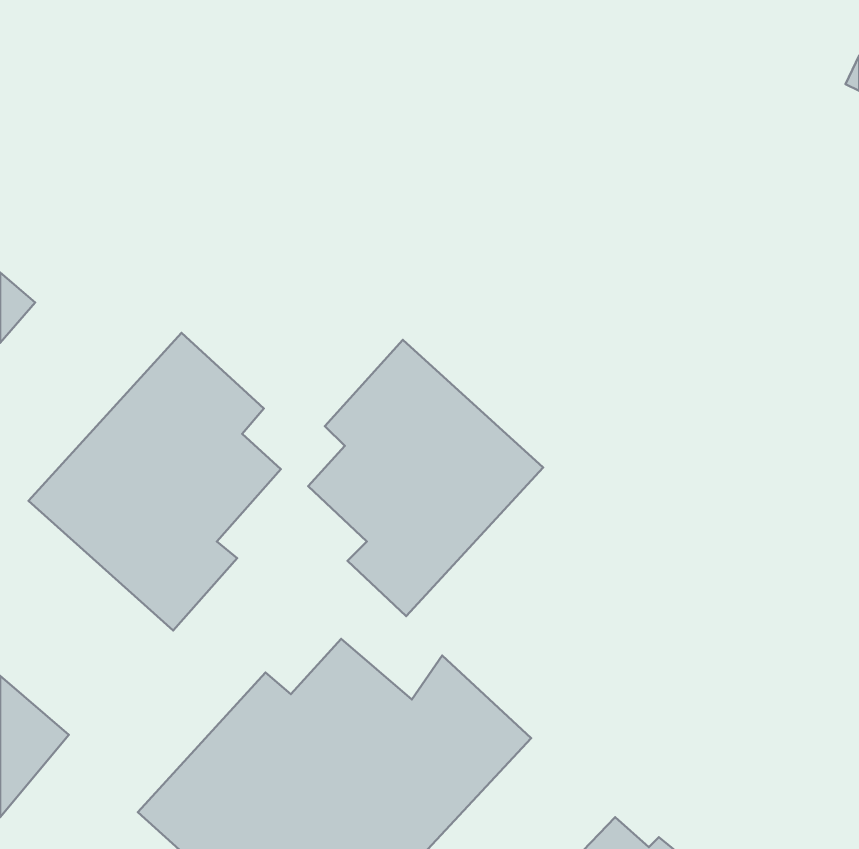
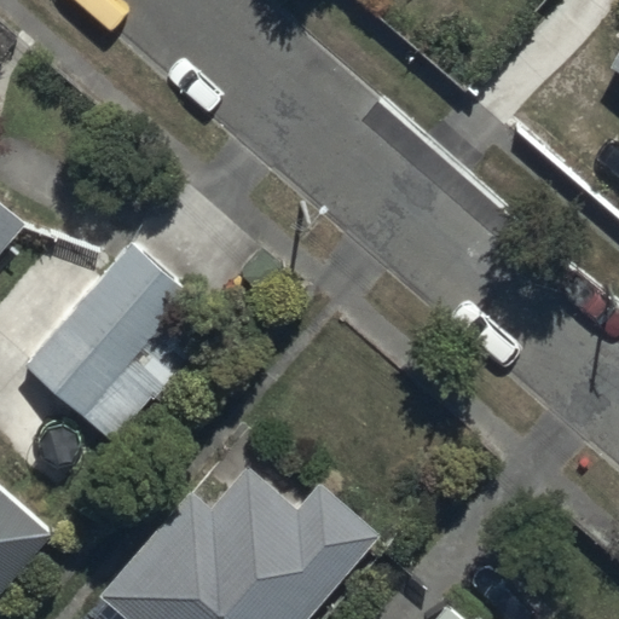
building: [308,340,543,616] -> none

